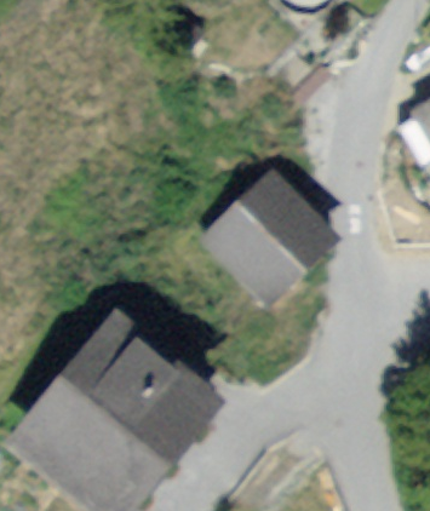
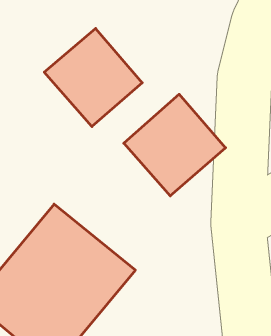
building: none -> [44,28,142,127]

